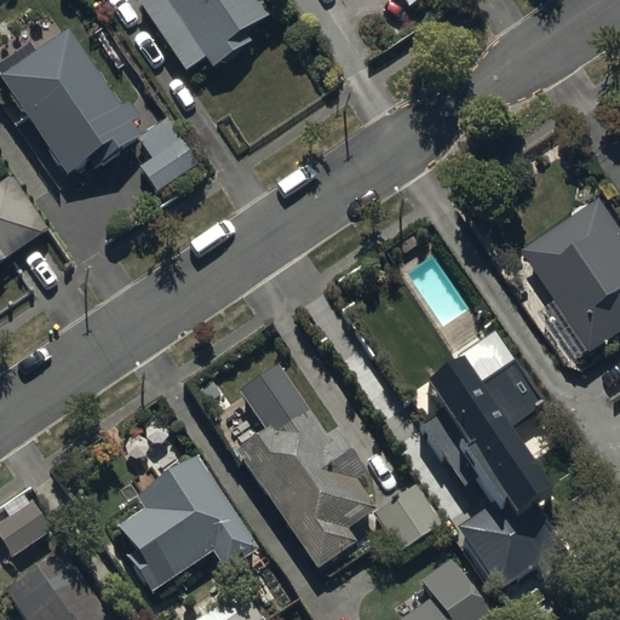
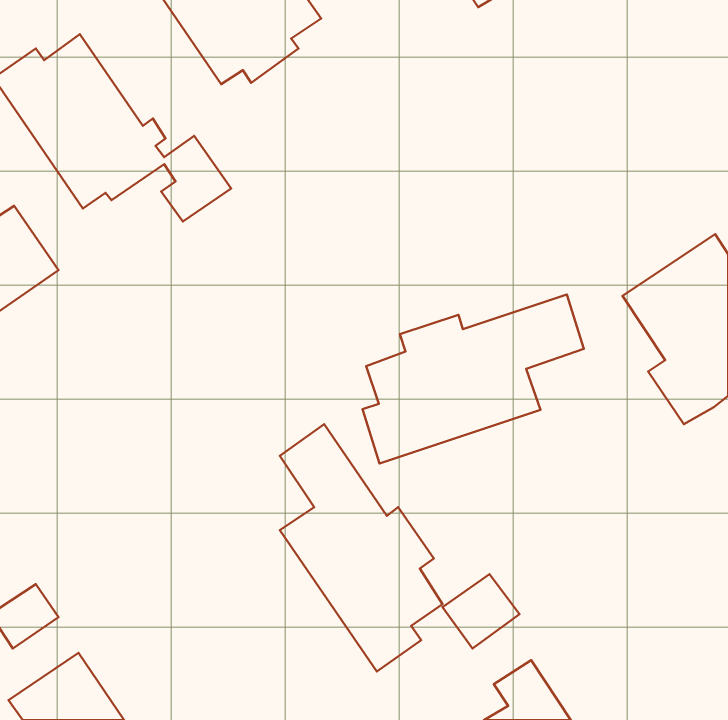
building: none -> [362,295,584,463]
building: [420,327,564,582] -> none
building: [119,457,259,595] -> none

